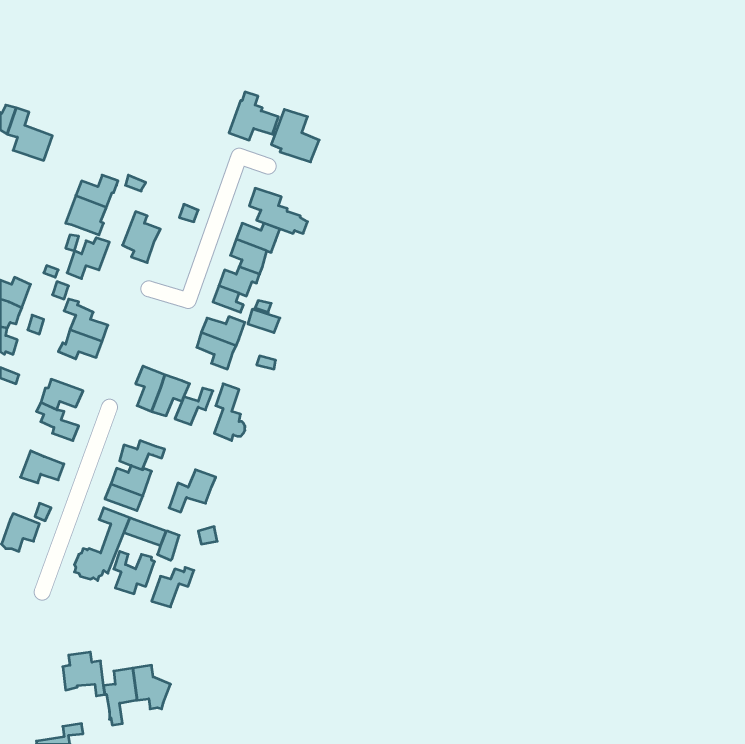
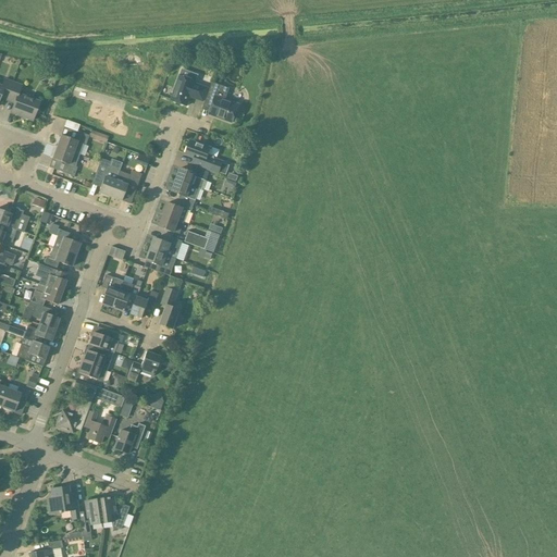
building: [67,238,109,279] -> [110,170,141,200]
building: none -> [35,263,66,292]
building: none -> [23,323,54,346]

